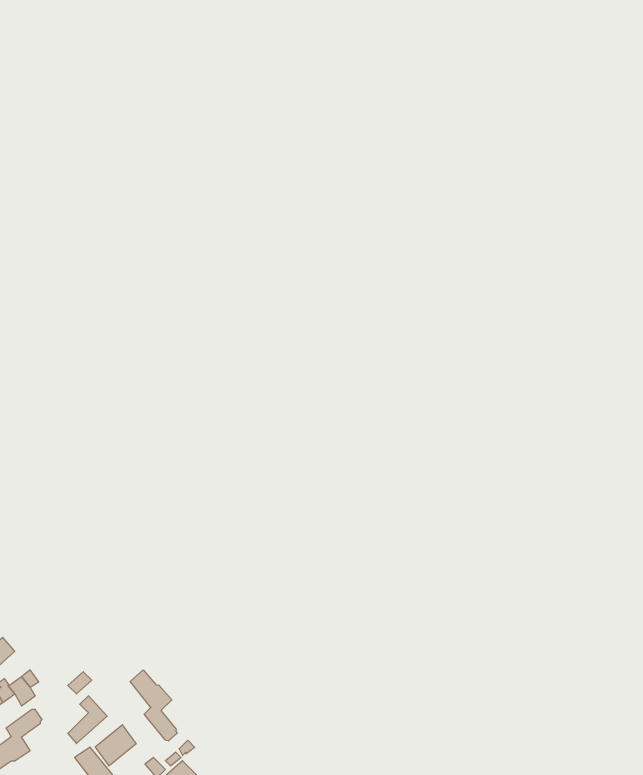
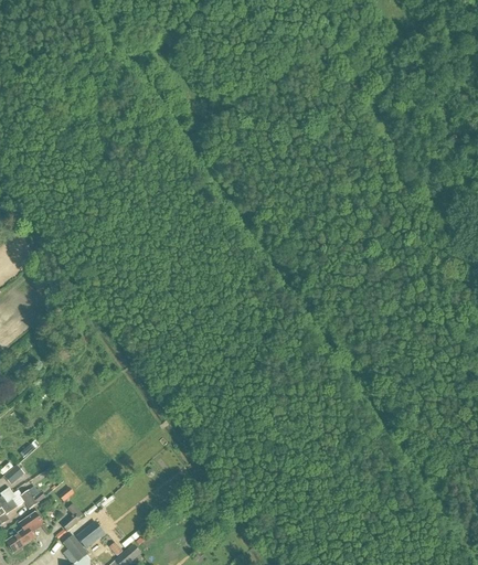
building: [130,670,177,741] -> none

